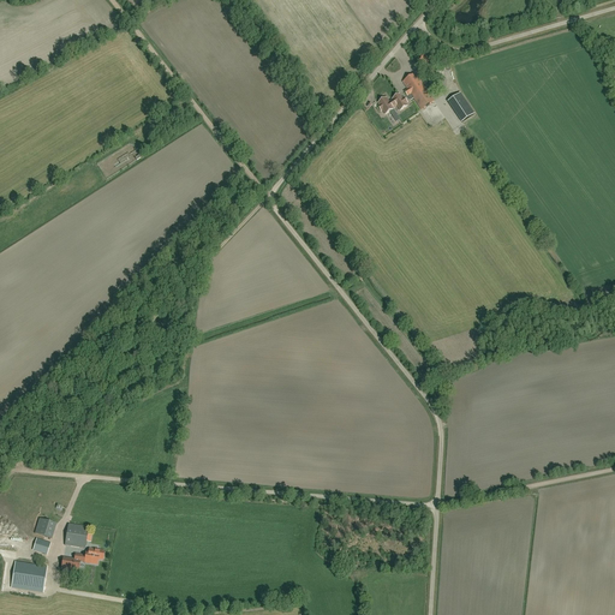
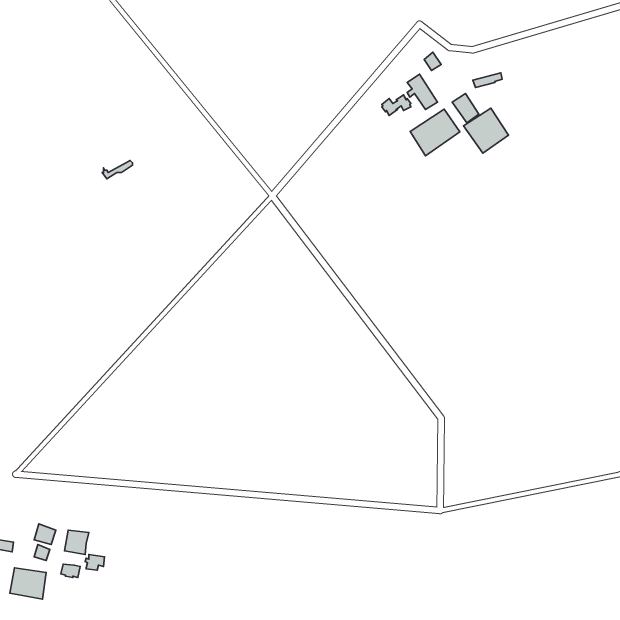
building: none -> [464,108,508,153]
building: none -> [410,109,460,156]

